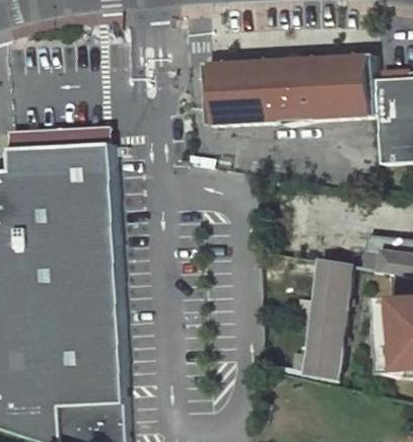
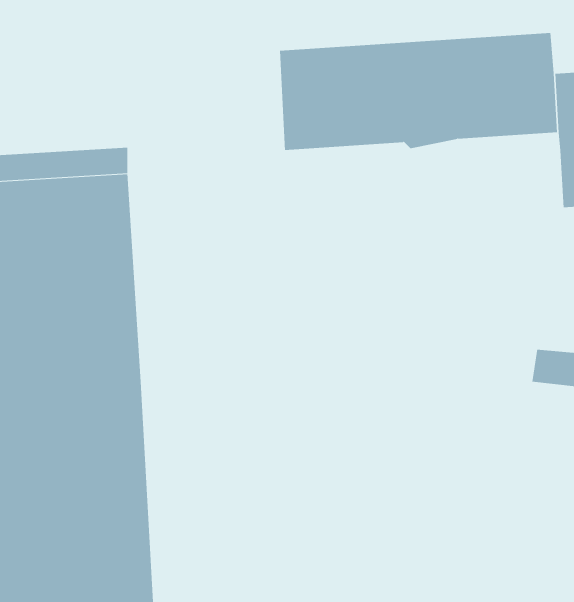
building: [299,260,348,378] -> none

